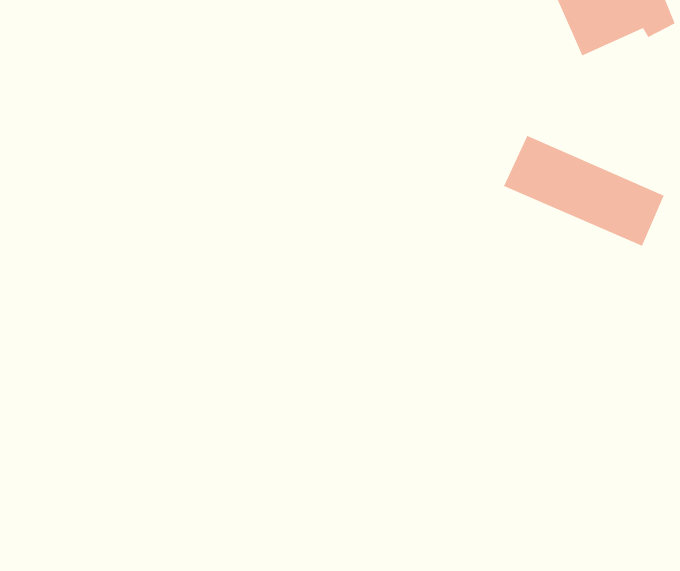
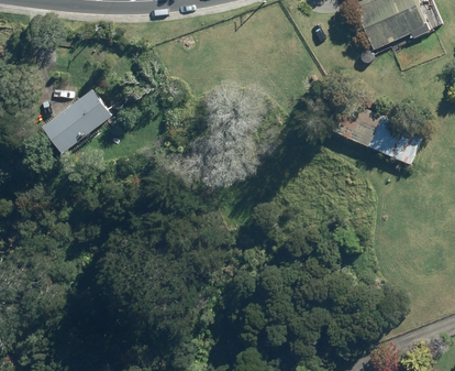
building: none -> [38,87,111,152]

